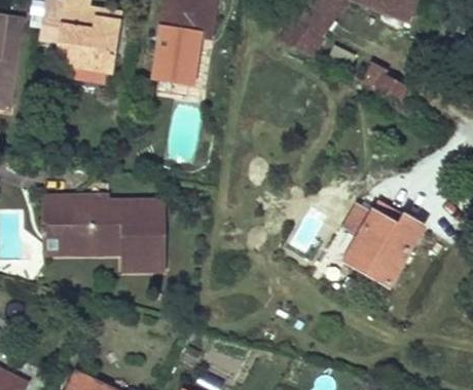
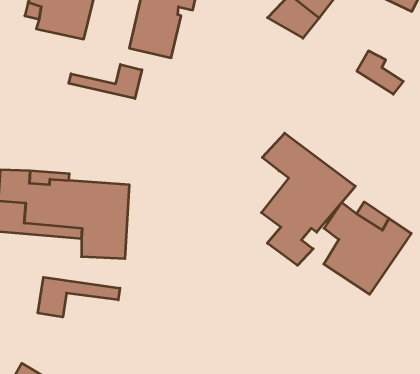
building: none -> [69,64,142,99]
building: none -> [261,133,355,265]
building: none -> [38,277,120,317]

